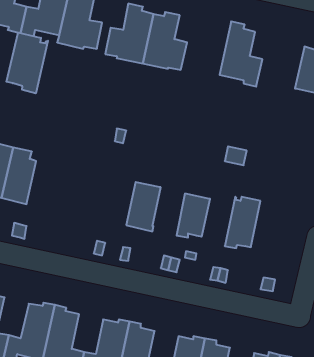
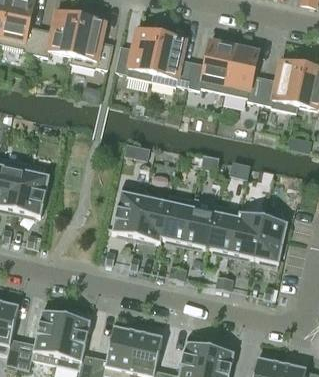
building: none -> [187,39,235,93]
building: [6,33,48,93] -> none
building: none -> [259,57,305,113]
building: none -> [111,183,146,236]
building: none -> [160,194,193,246]
building: none -> [207,204,239,256]
building: none -> [254,213,287,266]

